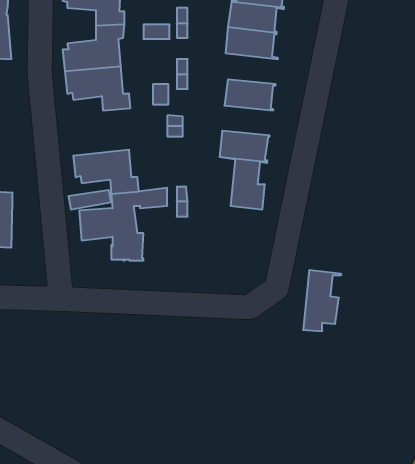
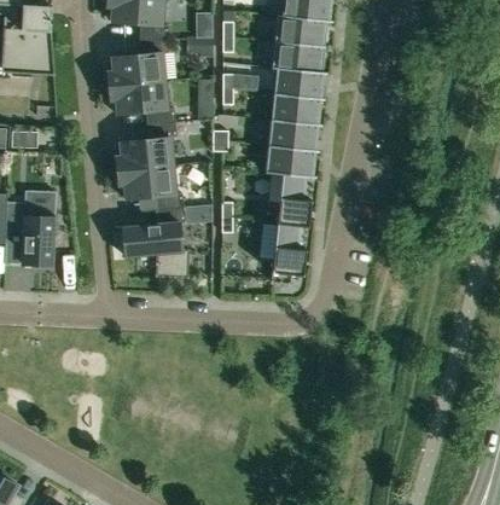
building: none -> [272,66,325,98]
building: none -> [268,120,320,150]
building: none -> [115,122,176,170]
building: [303,270,341,331] -> [271,221,309,283]

